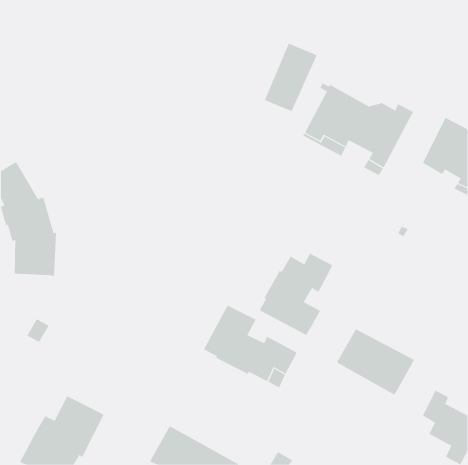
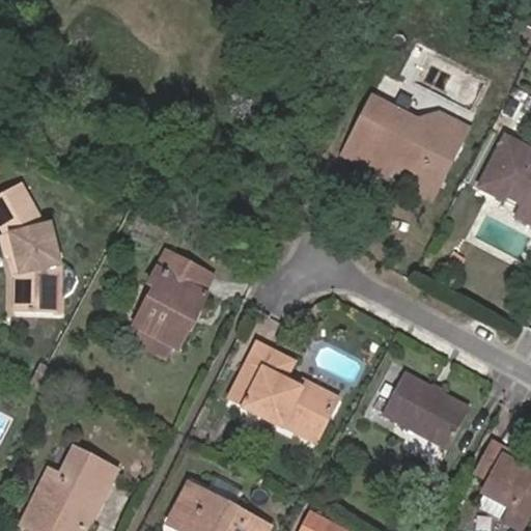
building: [264,43,318,112] -> none
building: none -> [135,252,211,358]
building: [259,253,333,336] -> none

